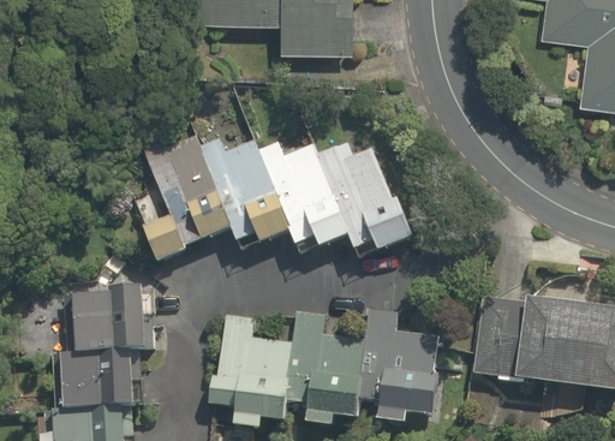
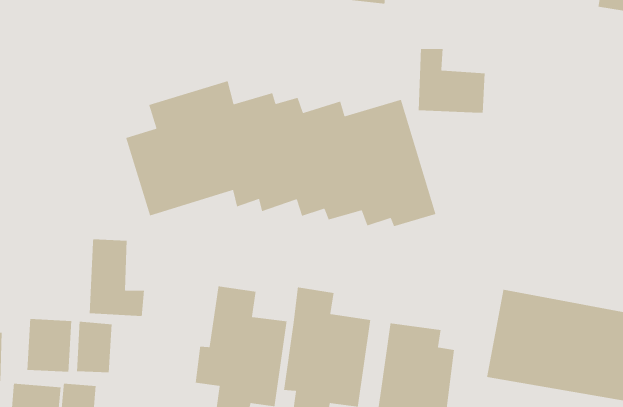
building: none -> [418,48,485,114]
building: [61,286,109,352] -> none

